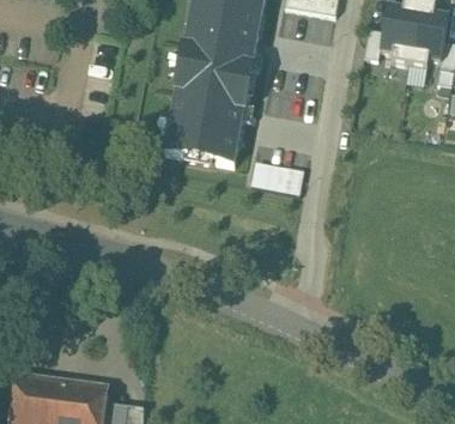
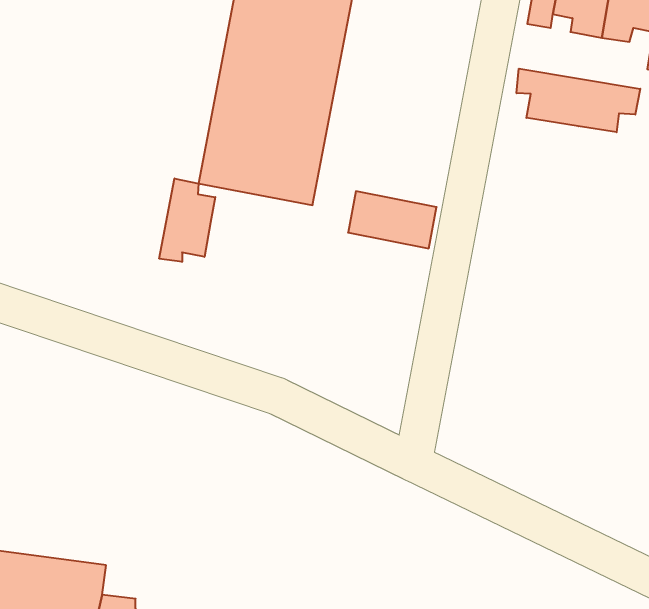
building: none -> [517,69,640,132]
building: none -> [159,178,215,262]

